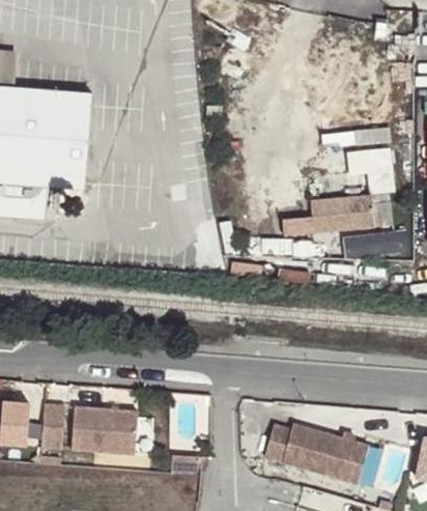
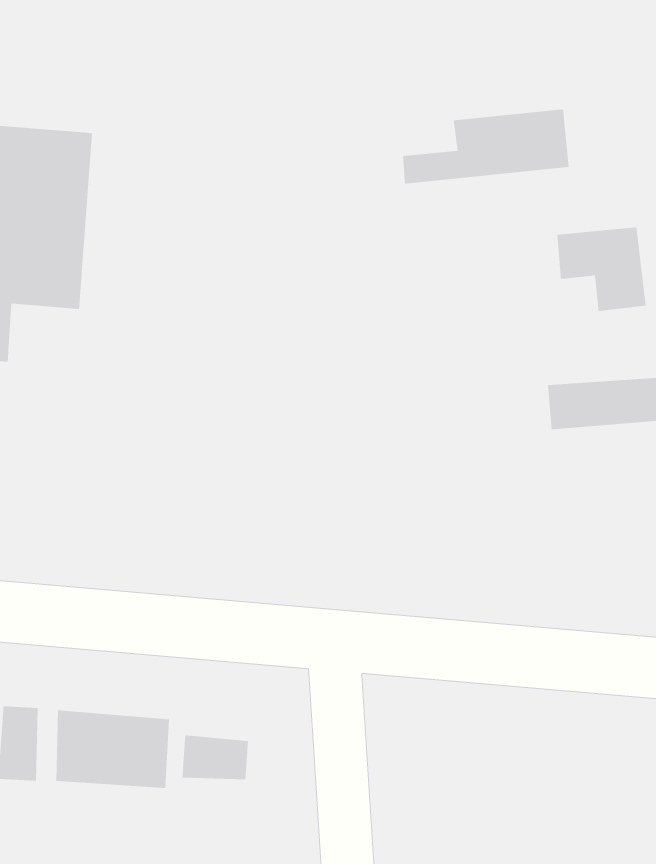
building: [283,194,375,235] -> [402,109,569,184]
building: none -> [182,734,249,780]
building: [273,430,373,488] -> none

